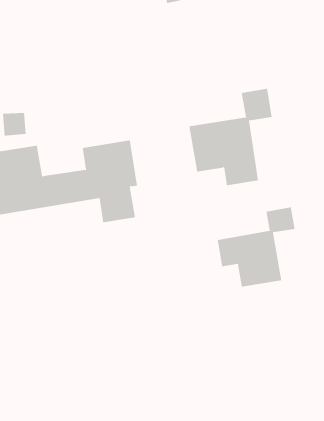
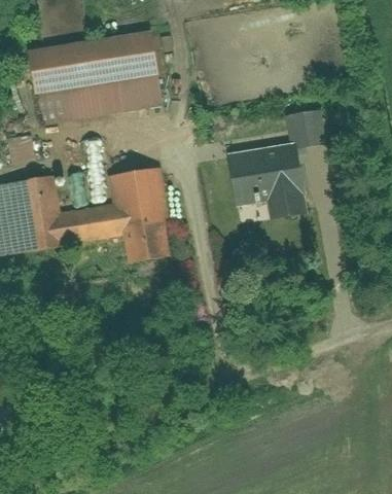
building: none -> [27,28,165,129]
building: [217,207,295,287] -> none

